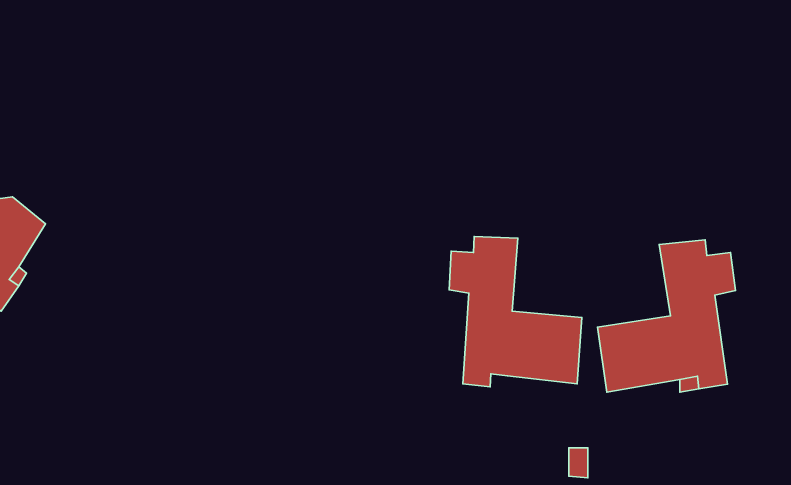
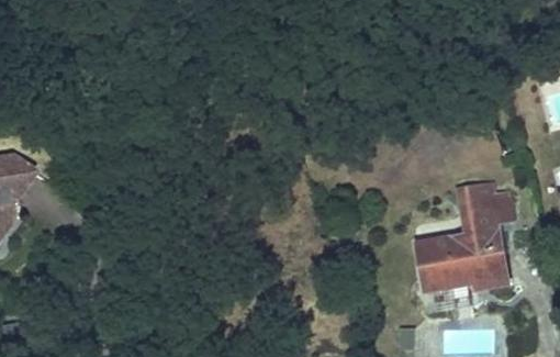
building: [449,236,582,387] -> none

